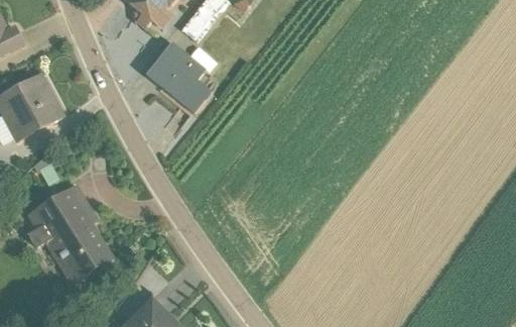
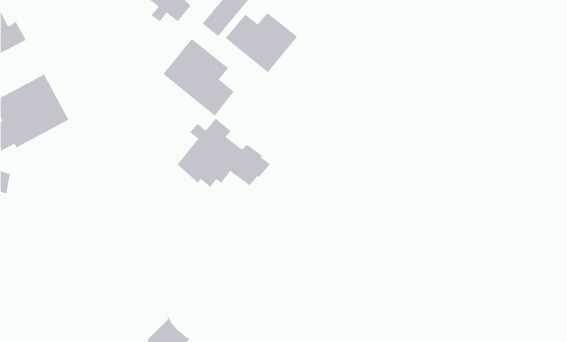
building: none -> [225,12,298,73]
building: none -> [177,118,271,188]
building: [28,184,113,285] -> none

